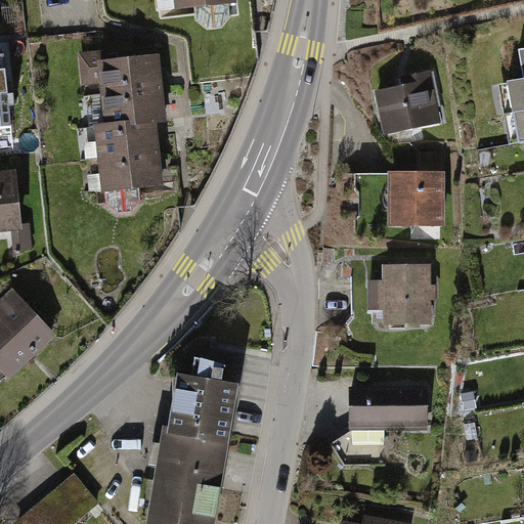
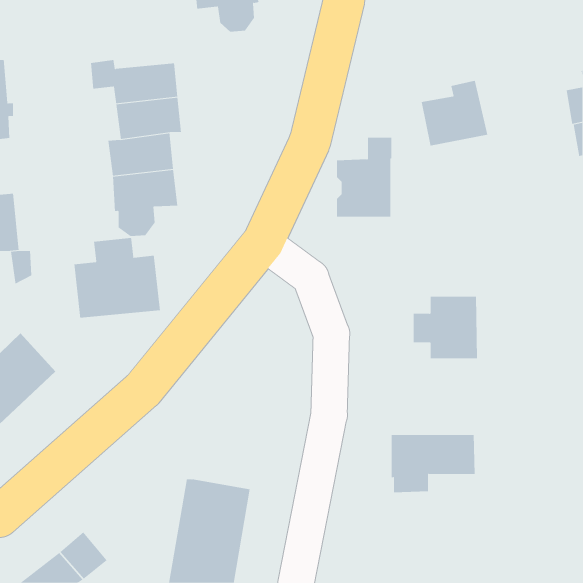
building: [391,152,441,224] -> [336,137,392,217]
building: none -> [74,237,160,319]
building: [172,356,233,438] -> none

